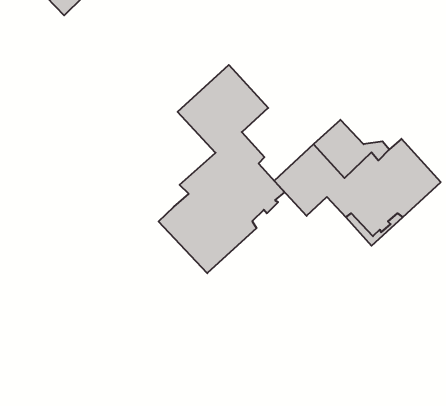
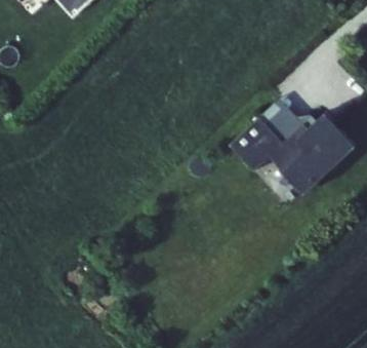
building: [159,65,284,273] -> none

